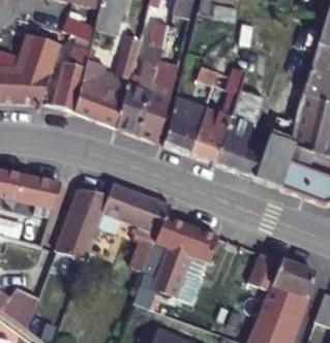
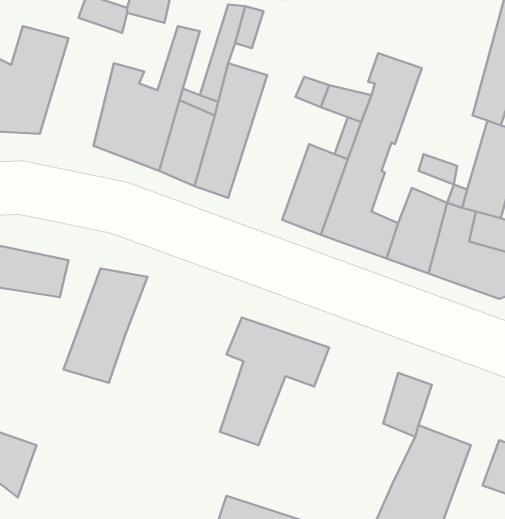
building: [54,51,88,112] -> none
building: [162,99,206,157] -> none
building: [93,182,170,273] -> none
building: [273,258,314,295] -> none

